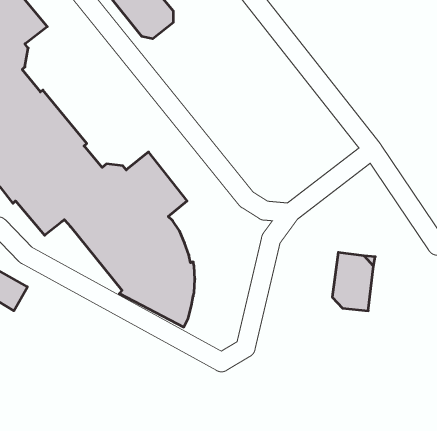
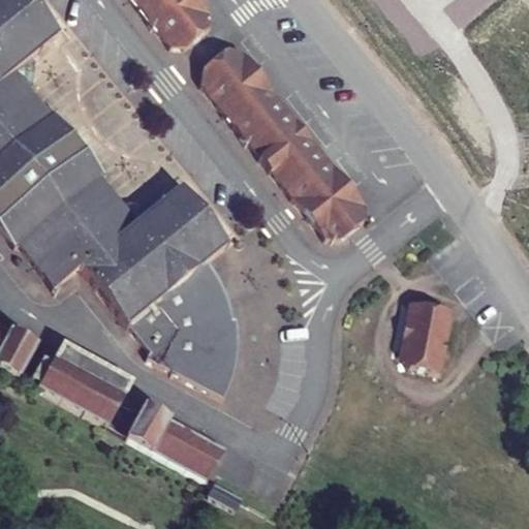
building: none -> [199,45,367,237]
building: none -> [29,342,128,422]
building: none -> [125,400,230,478]

